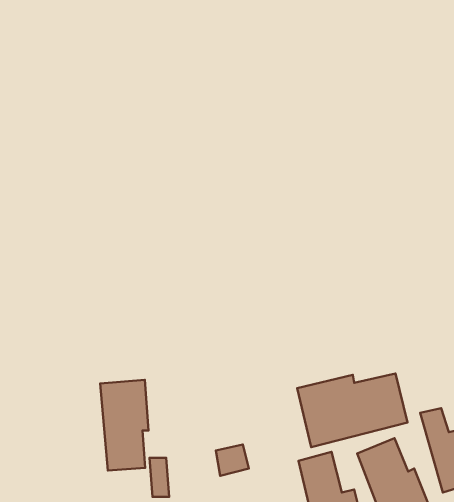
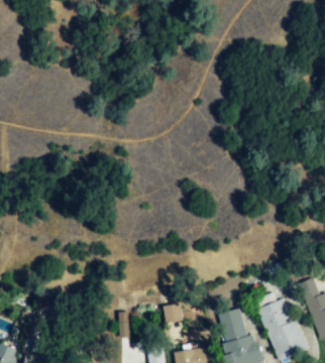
building: [297,373,407,447] -> none
building: [100,380,149,471] -> none

